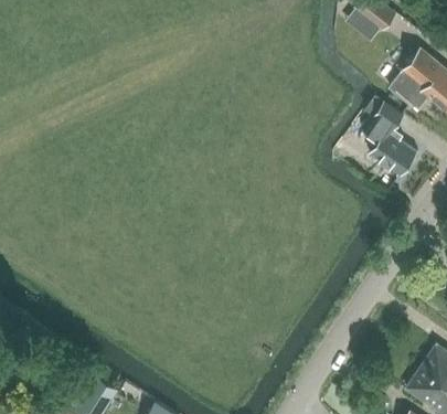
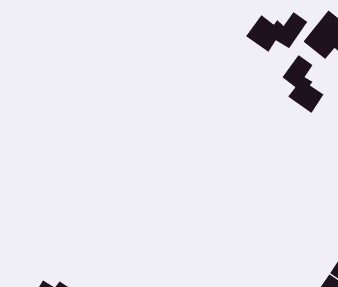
building: none -> [245,11,308,53]

